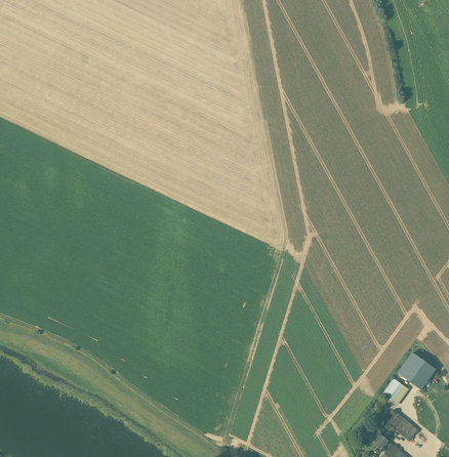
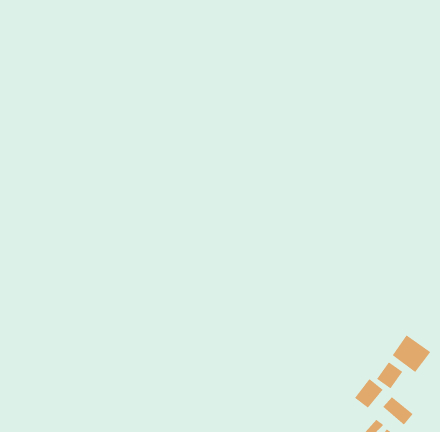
building: none -> [354,378,384,409]

